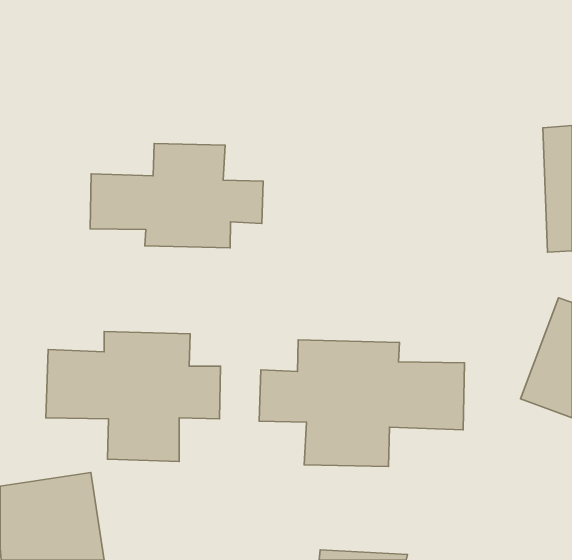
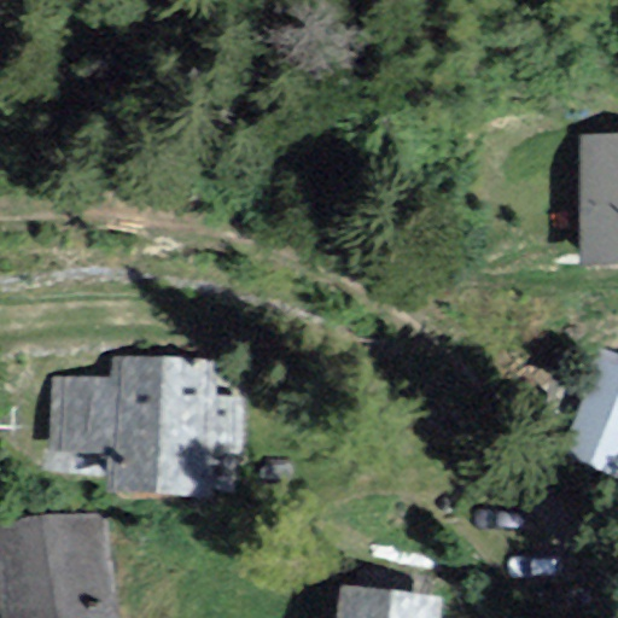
building: [90,144,263,248] -> none
building: [259,340,464,467] -> none

